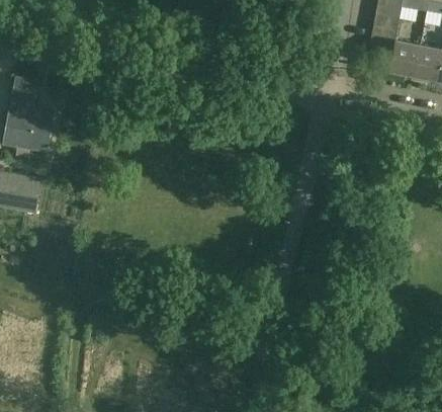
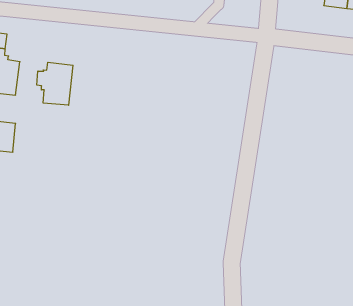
building: none -> [37,62,73,105]

